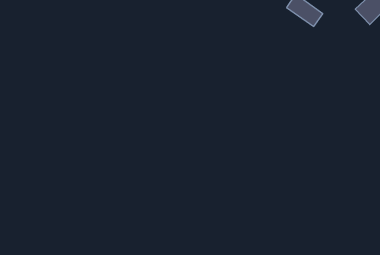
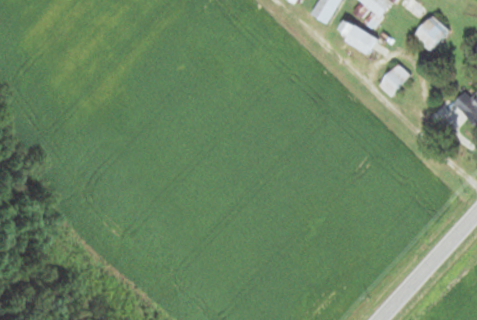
building: none -> [377,63,410,96]

